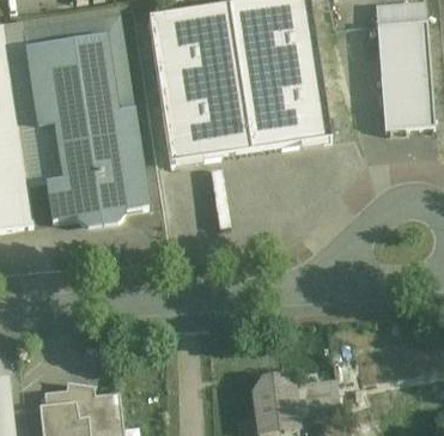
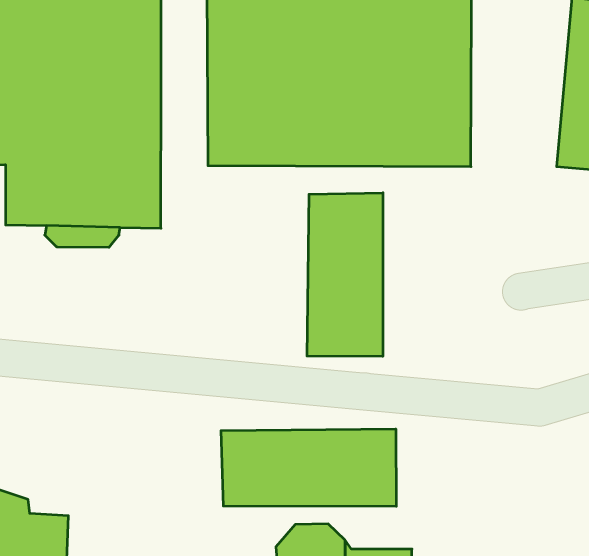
building: none -> [307,193,383,356]
building: none -> [221,429,396,506]

